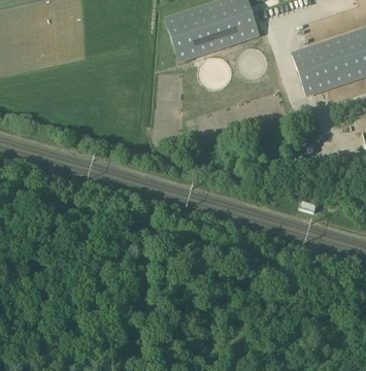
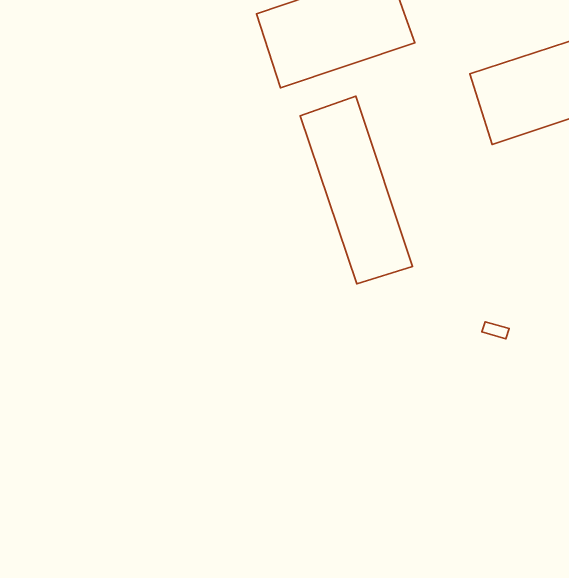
building: none -> [300,96,413,284]

